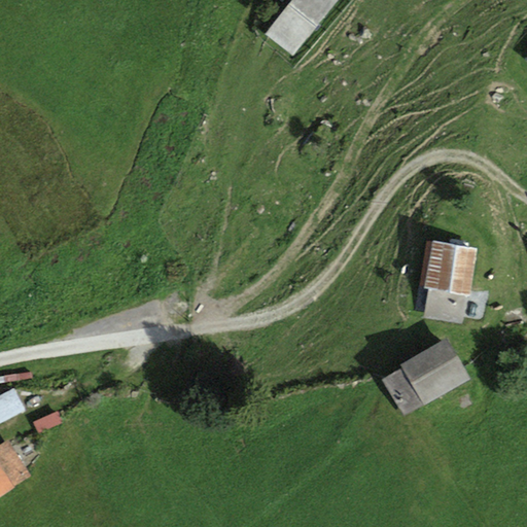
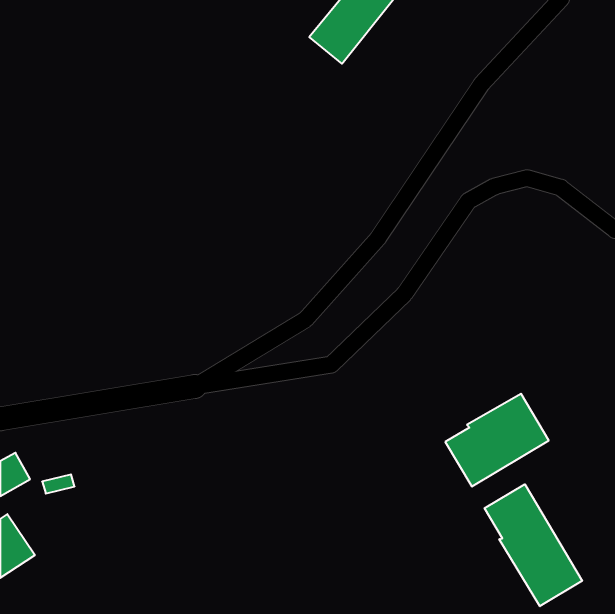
building: [423,239,477,323] -> none
building: none -> [485,484,582,606]

